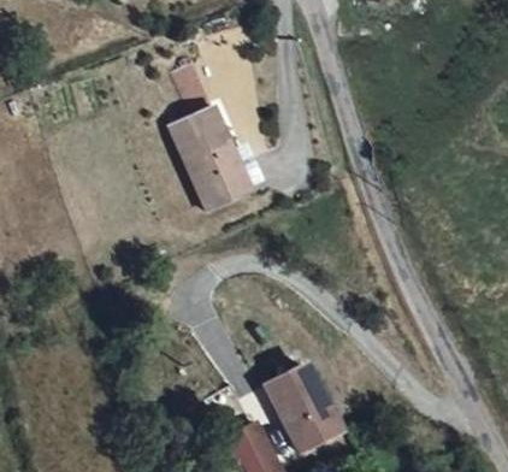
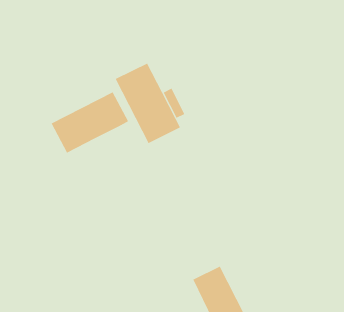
building: none -> [51,91,129,154]

